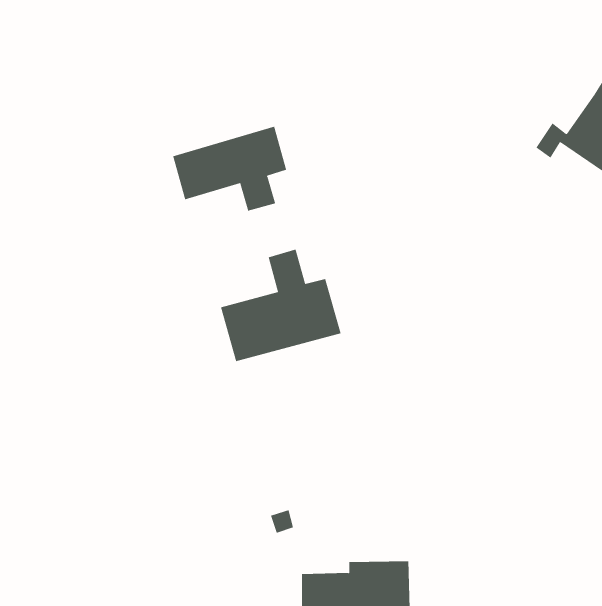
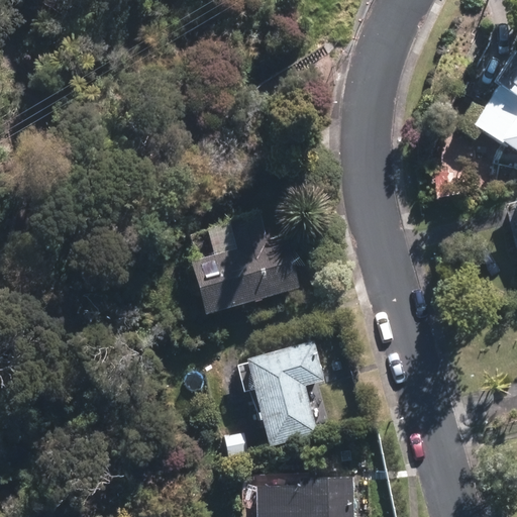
building: [172,126,287,212] -> none
building: none -> [249,348,318,439]

